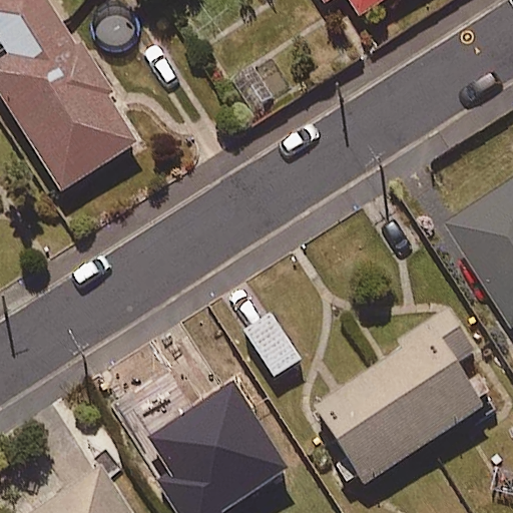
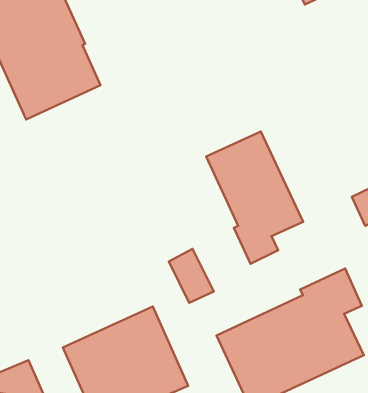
building: none -> [206,131,303,264]

